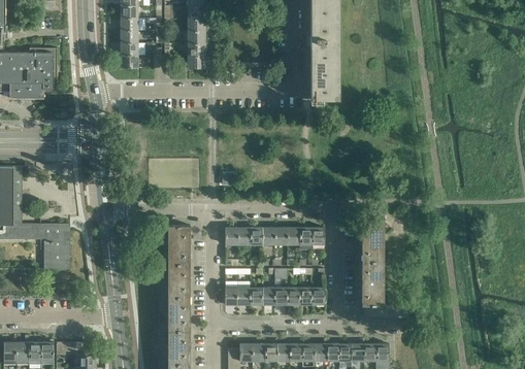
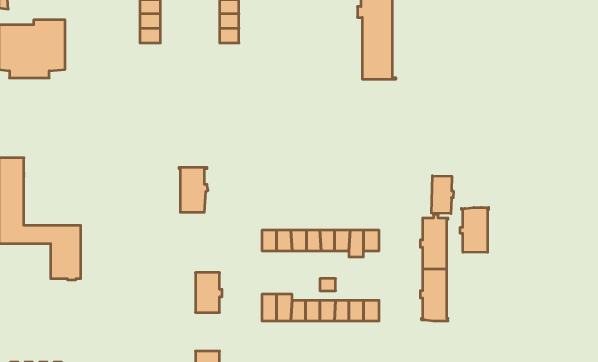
building: none -> [431,176,453,214]
building: none -> [460,207,489,252]
building: [167,226,192,264] -> [179,167,208,212]
building: [168,298,191,331] -> none

